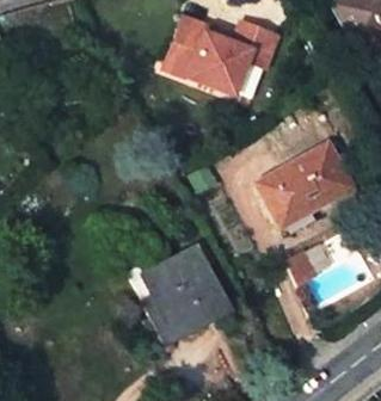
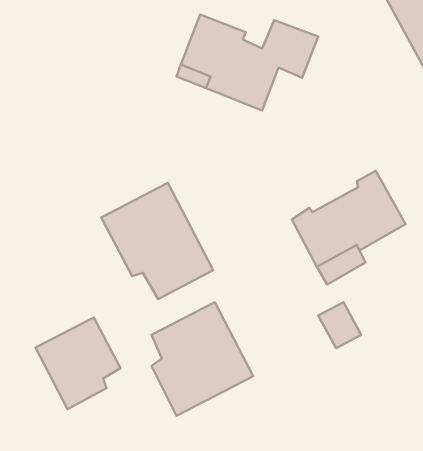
building: none -> [101,183,213,299]
building: none -> [36,317,121,409]

